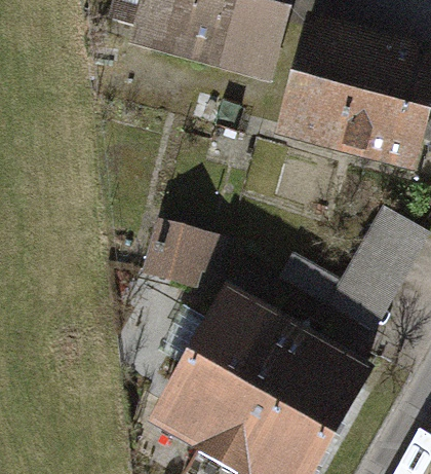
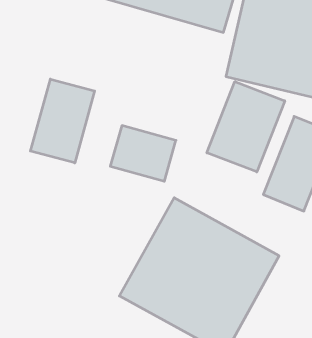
building: none -> [30,79,95,163]
building: none -> [207,82,285,172]

